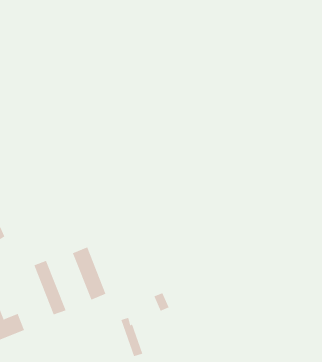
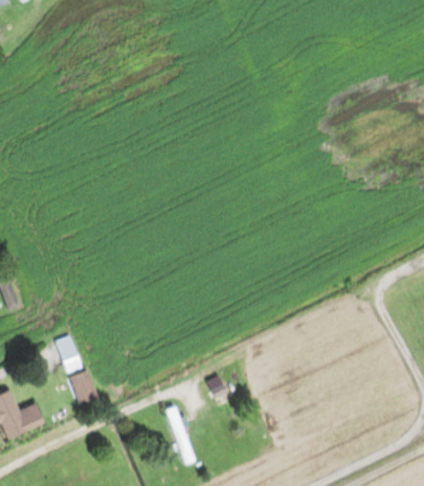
building: [72,246,106,301] -> none

